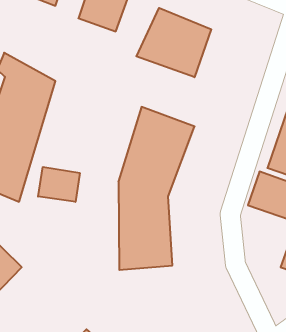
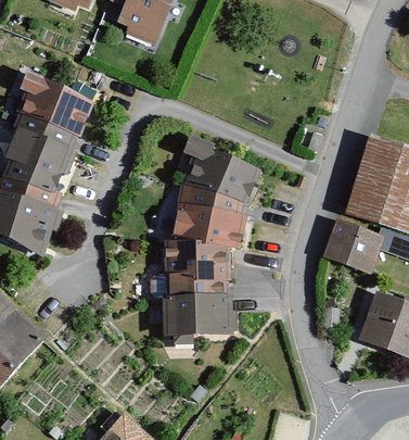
building: [136,8,211,77] -> none
building: [38,167,80,202] -> none

